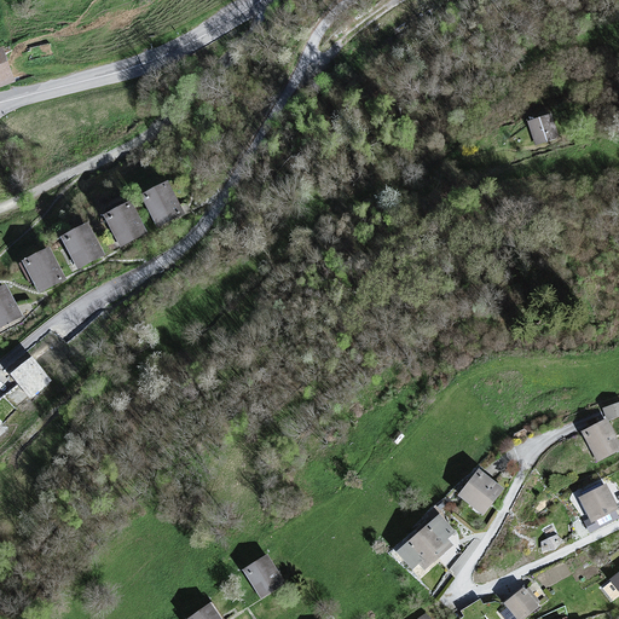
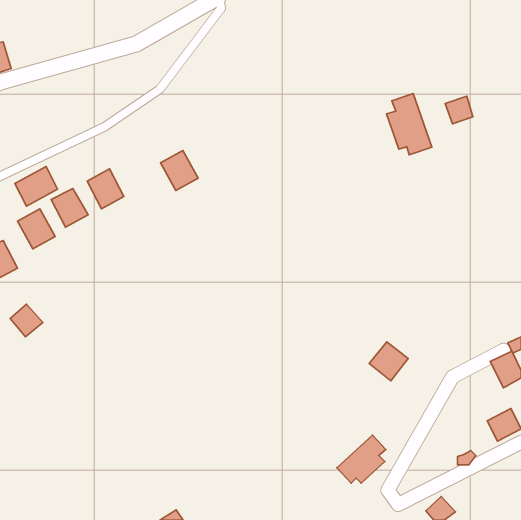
building: none -> [386,93,432,155]
building: [139,181,184,228] -> [160,151,198,190]
building: none -> [15,167,58,206]
building: [459,470,505,516] -> [369,342,408,381]
building: [239,554,283,598] -> none

